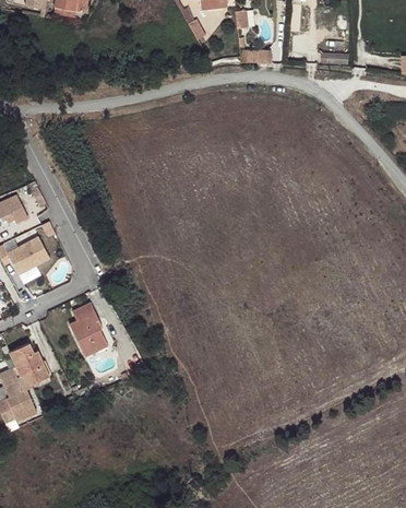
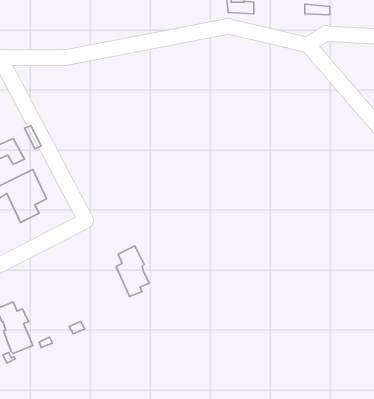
building: [70,302,105,355] -> [116,246,149,297]
building: [9,343,48,385] -> none

